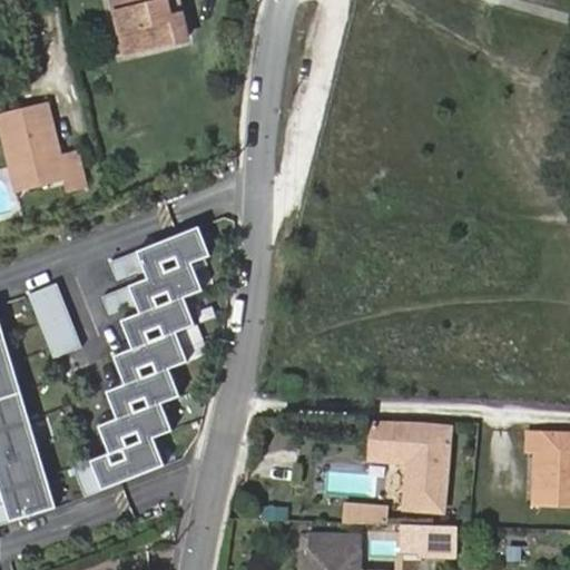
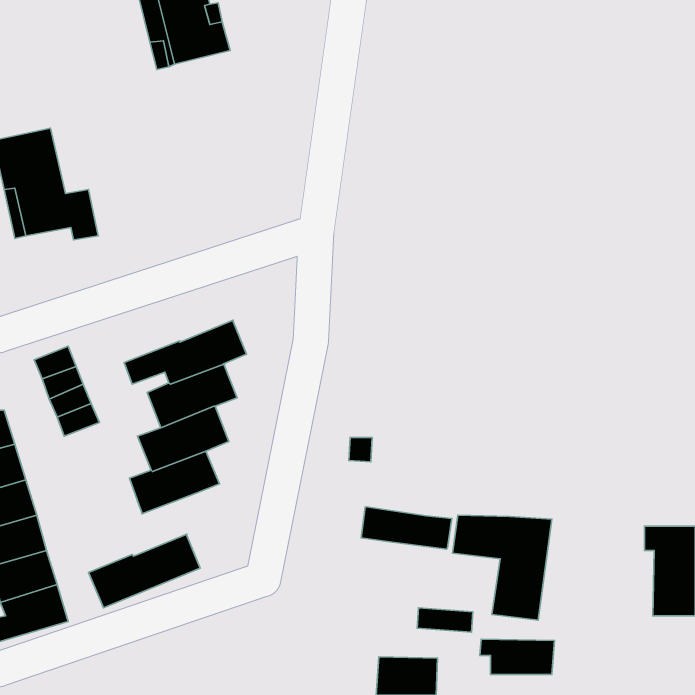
building: [108,227,209,279] -> none
building: [98,403,171,454] -> none
building: none -> [361,507,452,549]

